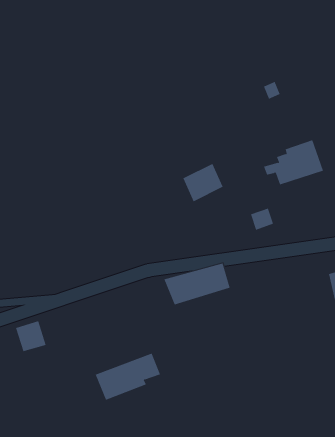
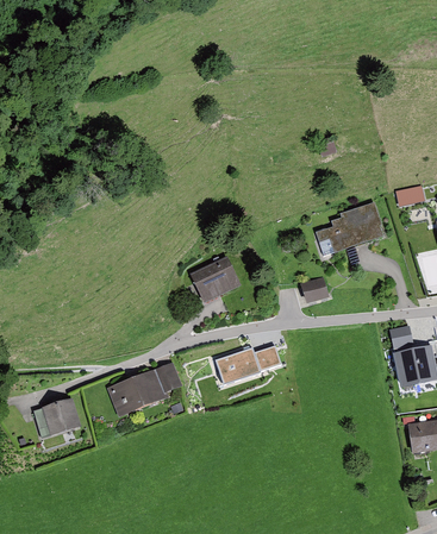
building: [182,163,224,202] -> [192,257,237,300]
building: [95,353,161,401] -> [108,365,181,417]

